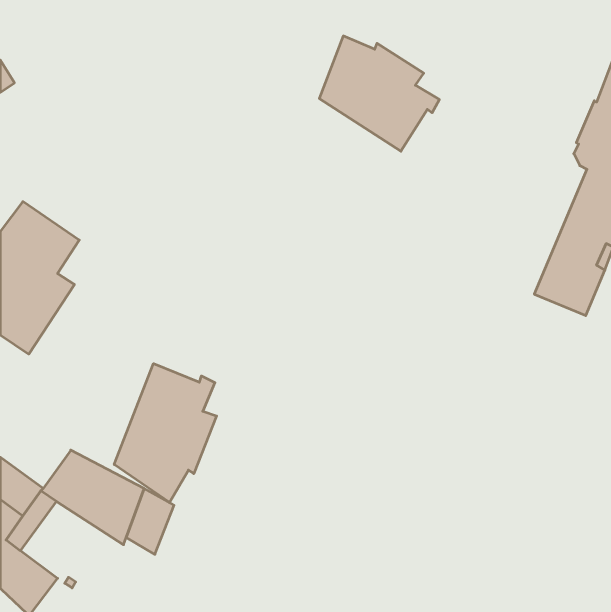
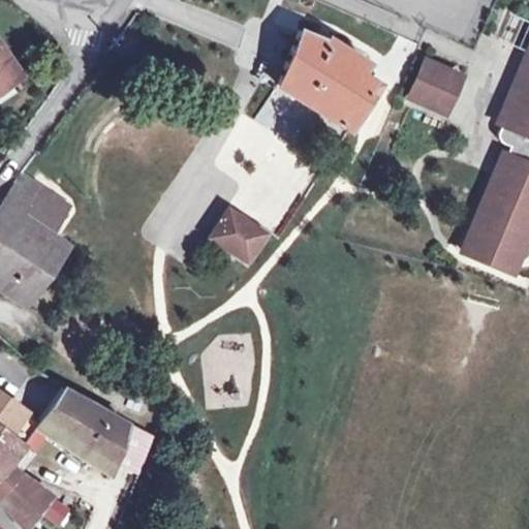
building: none -> [408,63,459,114]
building: none -> [211,212,264,262]
building: [114,364,217,503] -> none

